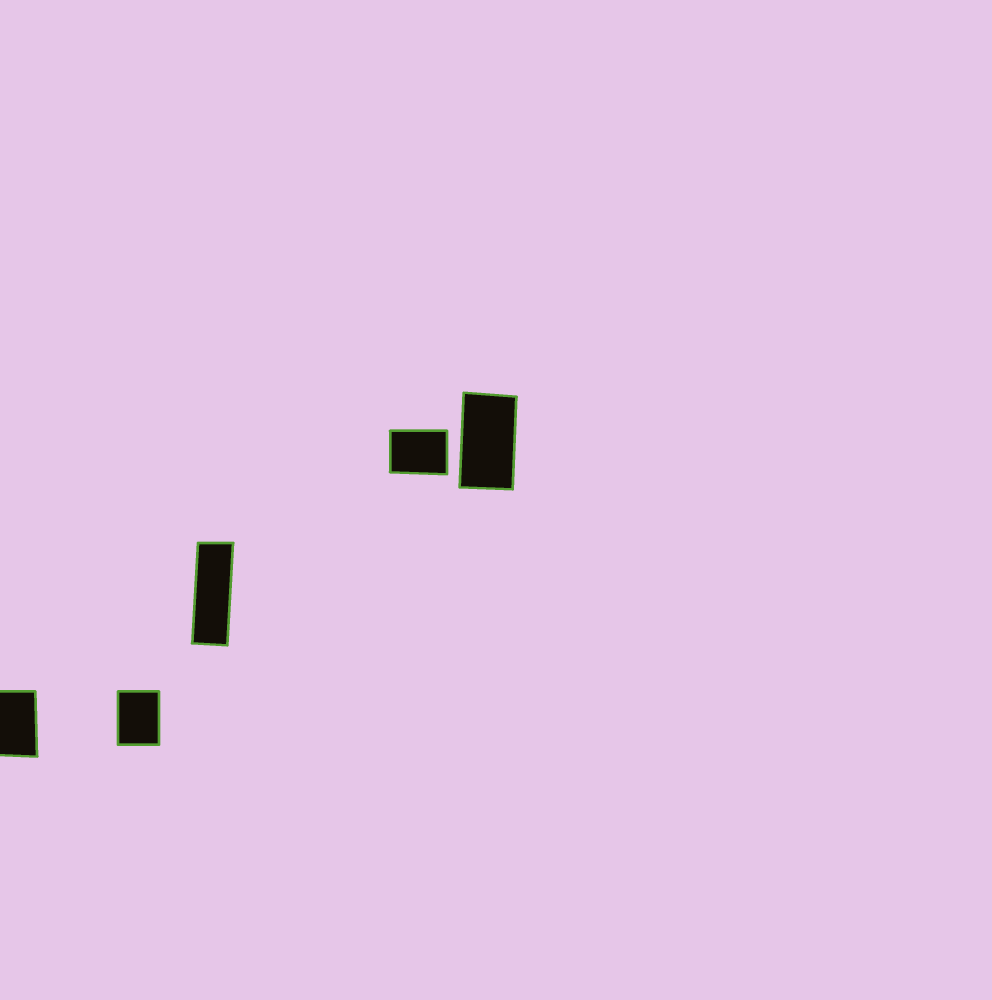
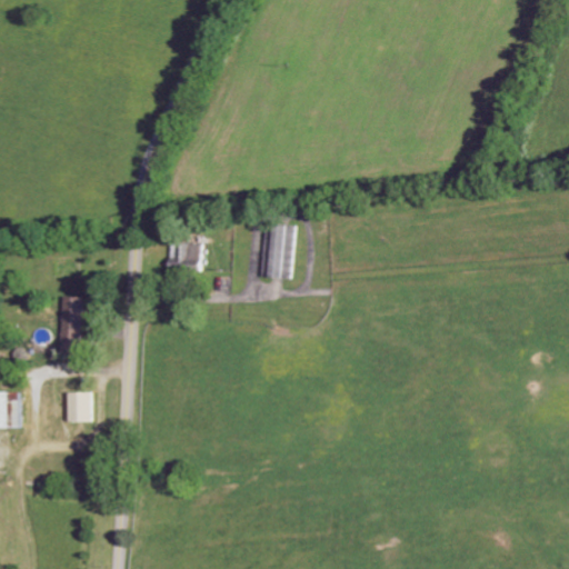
building: [390,431,447,474] -> [170,242,202,267]
building: [192,543,233,645] -> [59,296,82,353]

